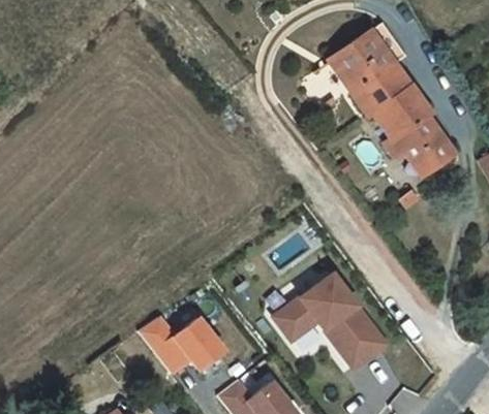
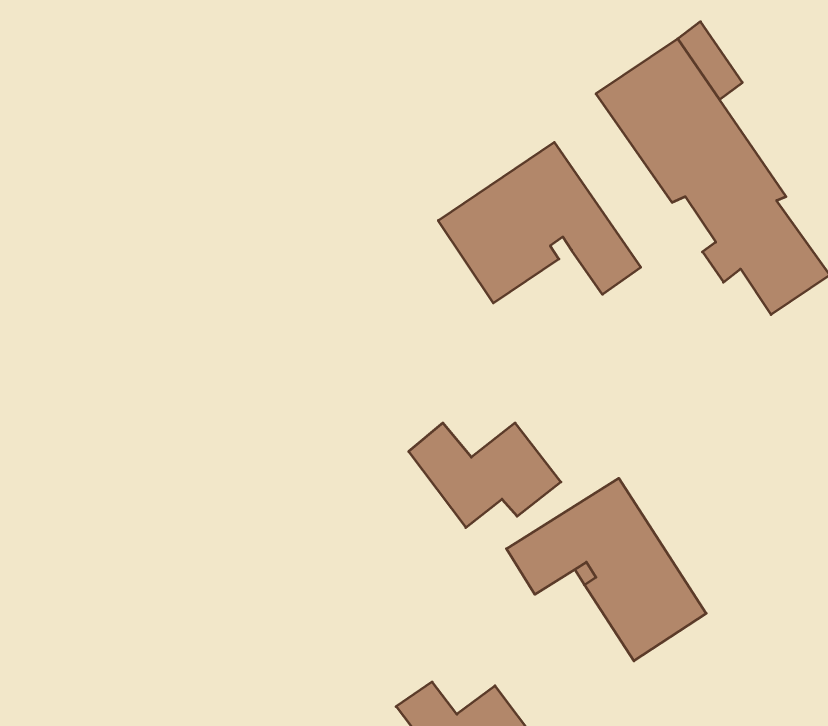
building: none -> [438,142,641,303]
building: [142,316,224,373] -> [409,423,561,528]

